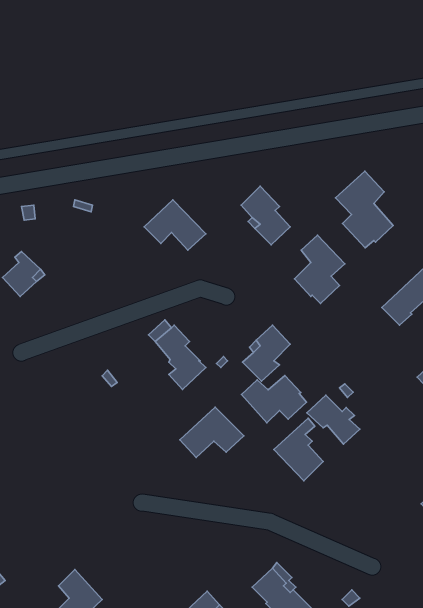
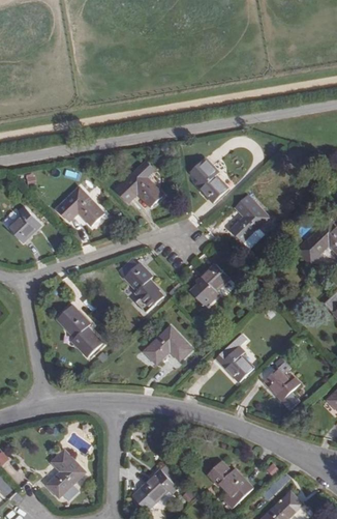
building: [335,171,393,248] -> none
building: none -> [57,188,104,225]
building: [241,375,306,423] -> none
building: none -> [58,306,101,356]
building: [307,395,360,444] -> [264,369,304,406]

